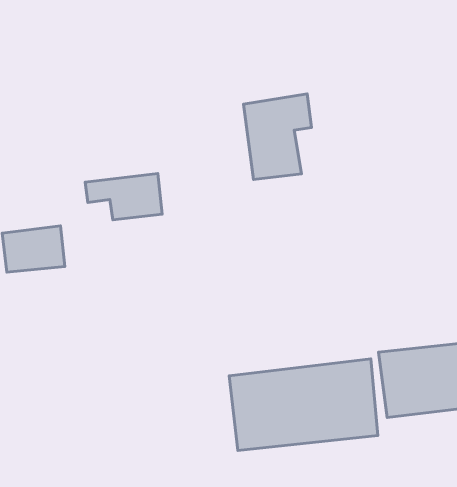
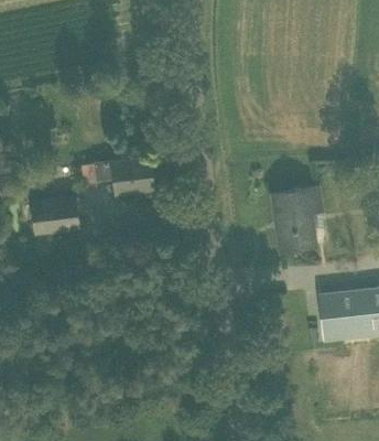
building: [243,94,312,180] -> [271,187,323,252]
building: [229,359,378,450] -> none

